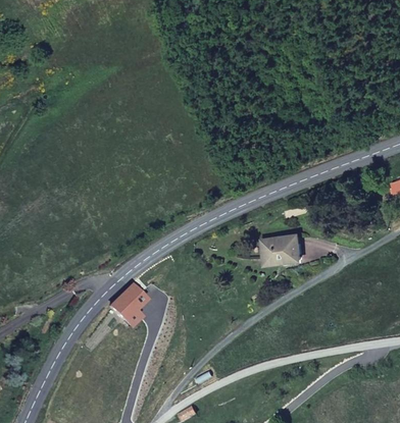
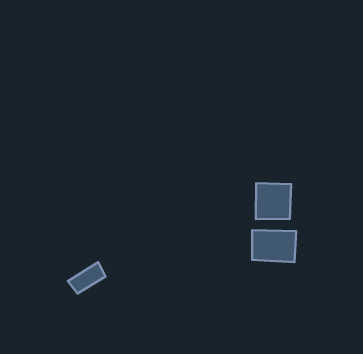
building: none -> [256,183,291,219]

